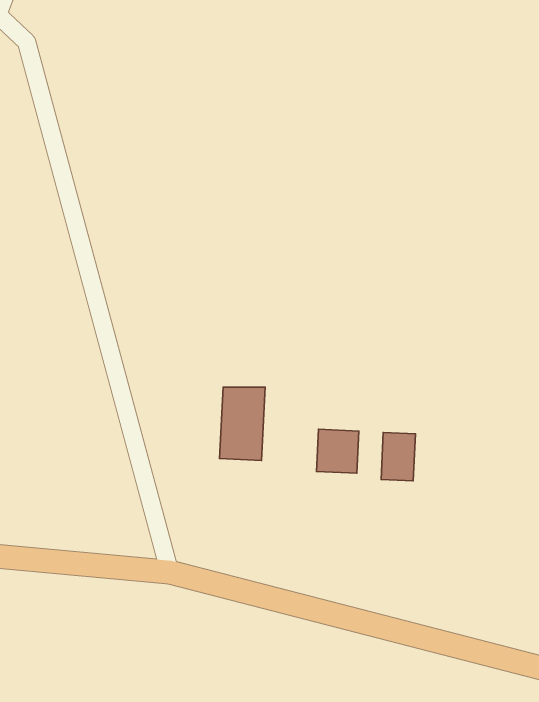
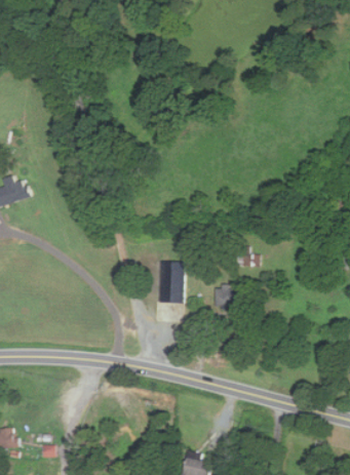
building: [381,432,415,481] -> none

